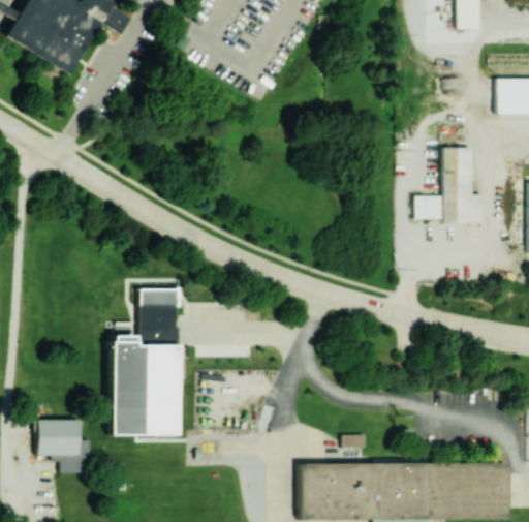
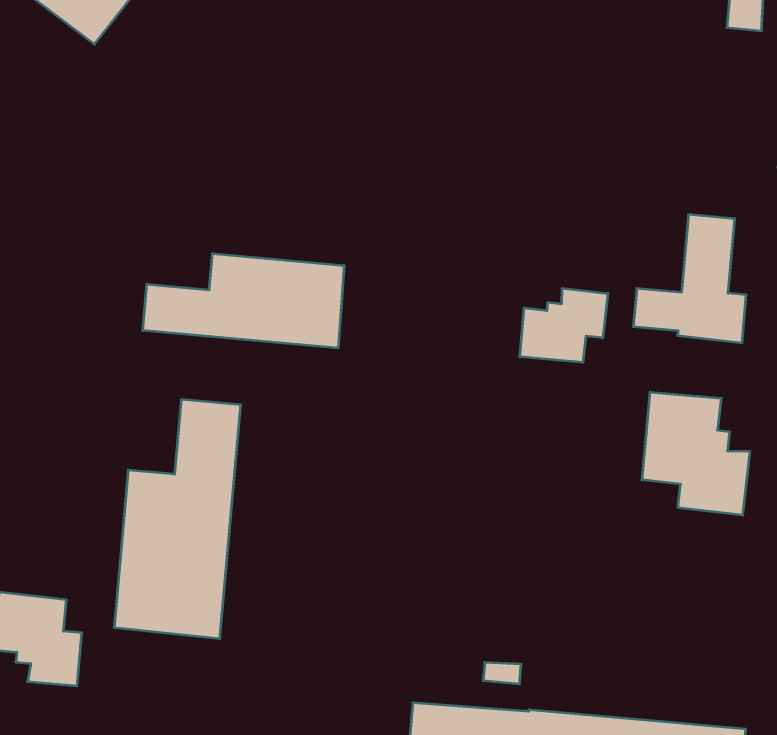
building: none -> [143,254,344,348]
building: none -> [520,288,608,362]
building: none -> [642,392,750,515]

